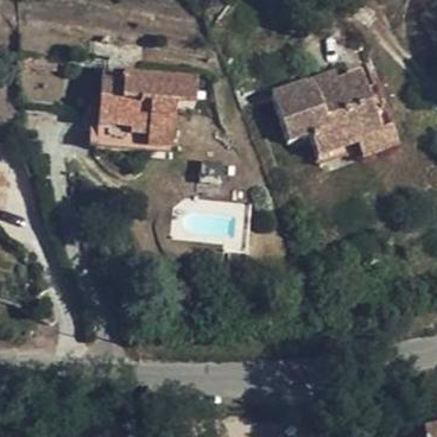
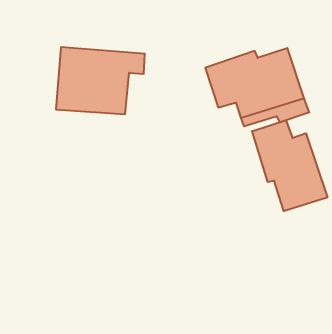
building: none -> [252,120,327,211]

